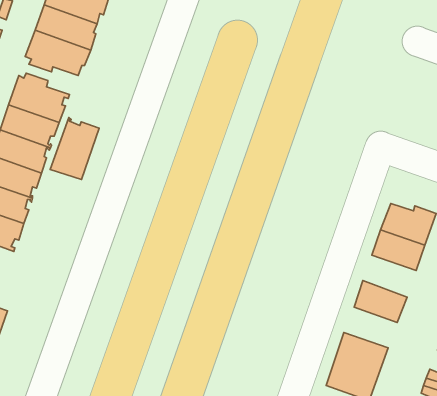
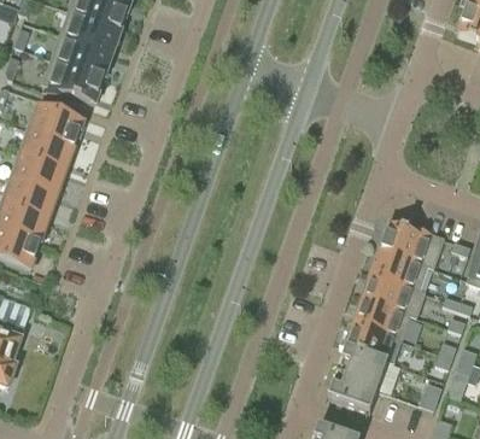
building: [50,118,99,179] -> none
building: none -> [364,274,415,314]
building: none -> [346,323,397,362]

